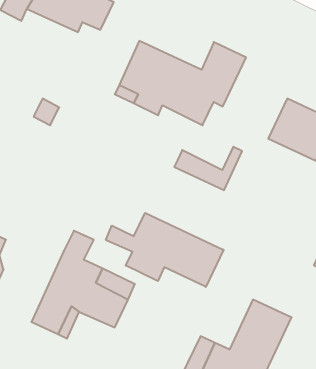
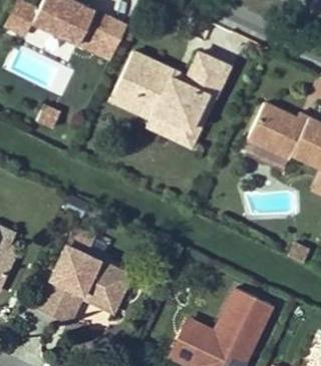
building: [174,147,242,190] -> [147,109,209,148]
building: [106,213,224,287] -> none

